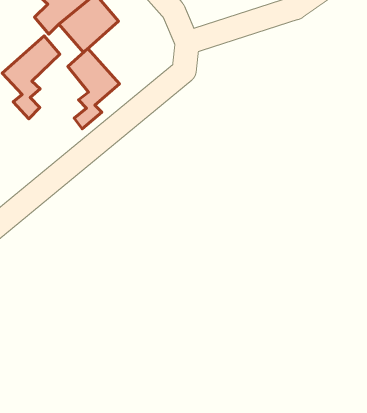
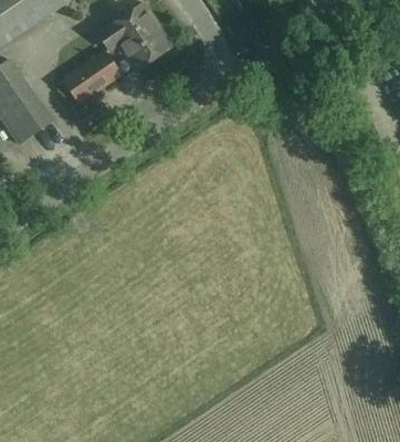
building: [68,49,119,129] -> none

